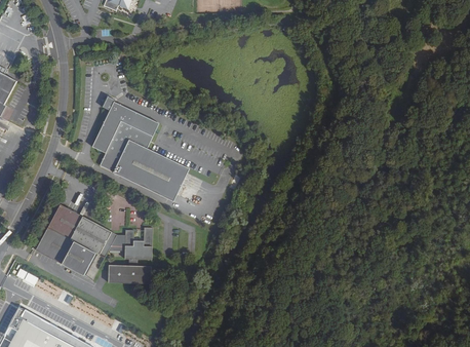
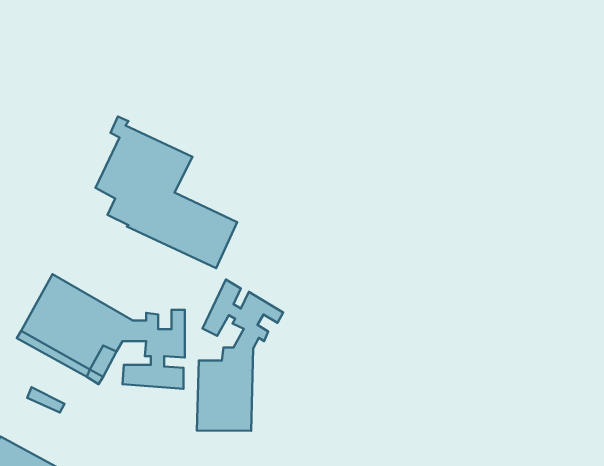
building: none -> [197,279,283,431]

